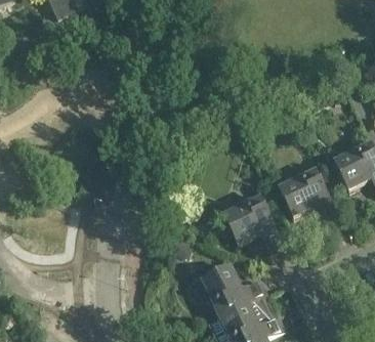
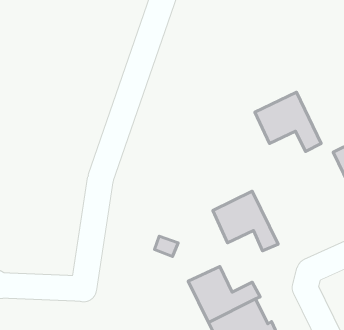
building: [277,167,337,221] -> [255,92,321,151]

